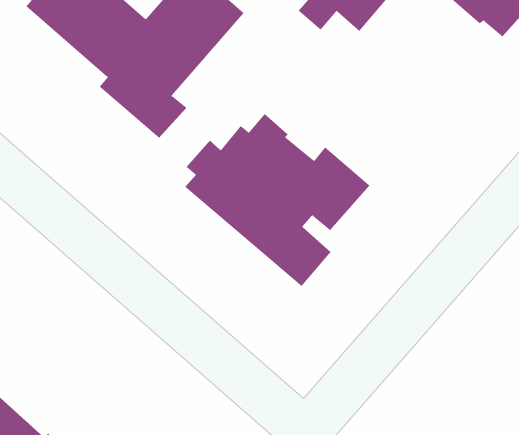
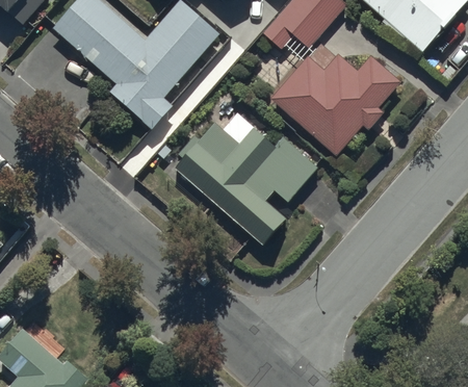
building: none -> [271,41,402,155]

